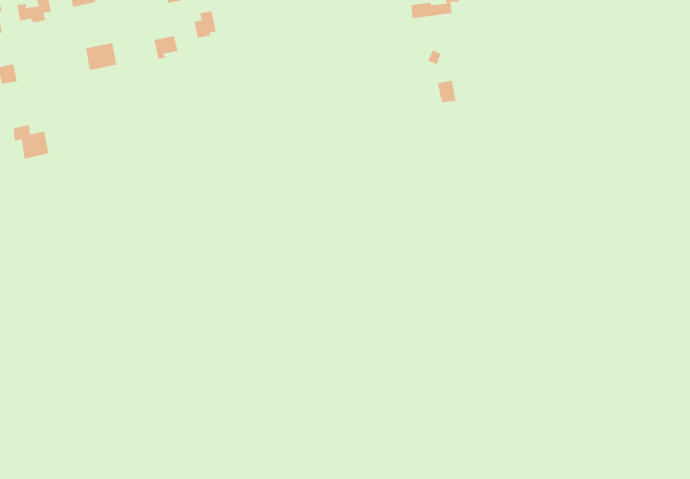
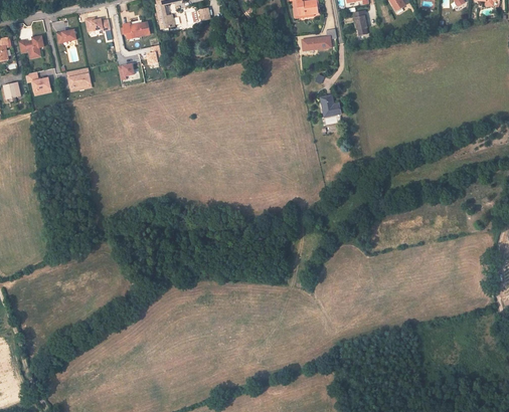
building: [13,124,49,159] -> [25,71,51,96]

